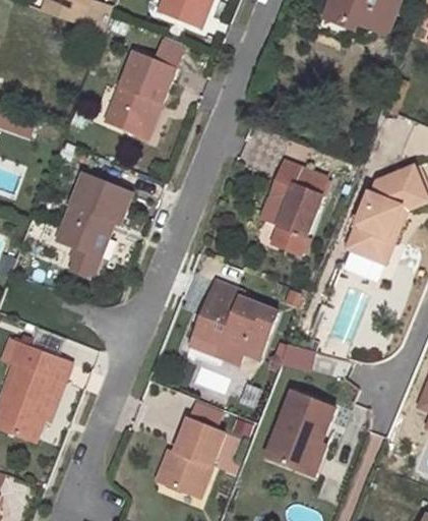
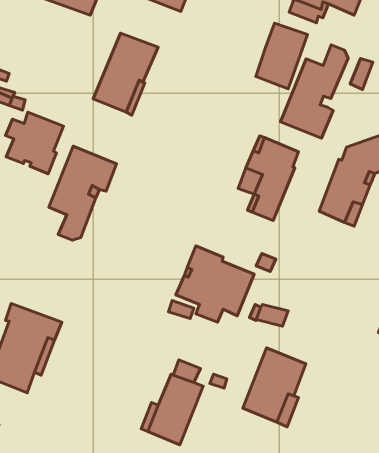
building: none -> [256,23,307,89]
building: none -> [280,45,348,138]
building: none -> [6,112,63,174]

